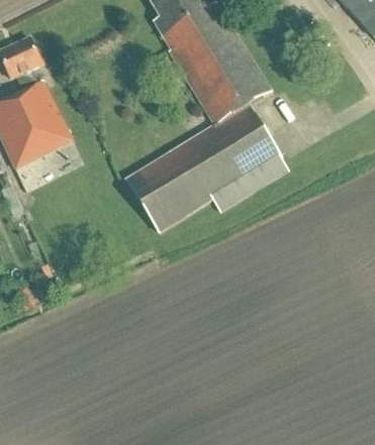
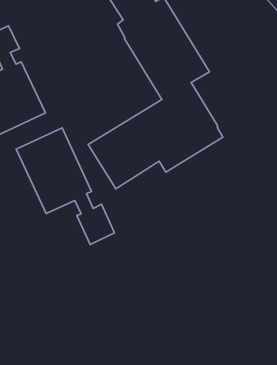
building: none -> [16,128,115,244]

